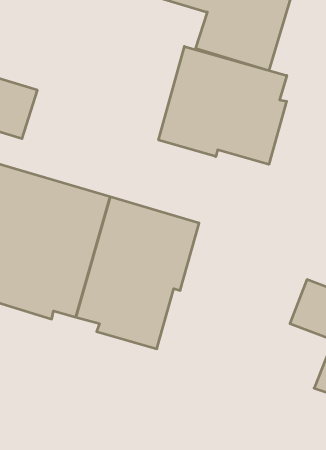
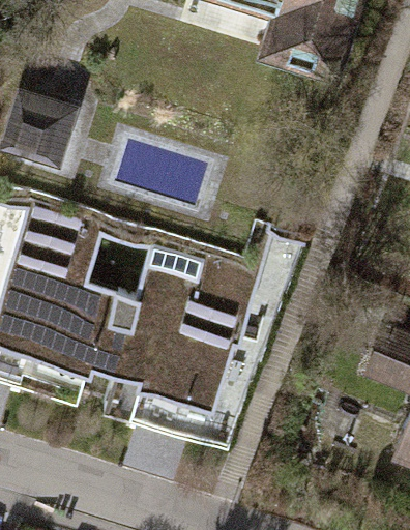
building: [159,46,287,164] -> none

